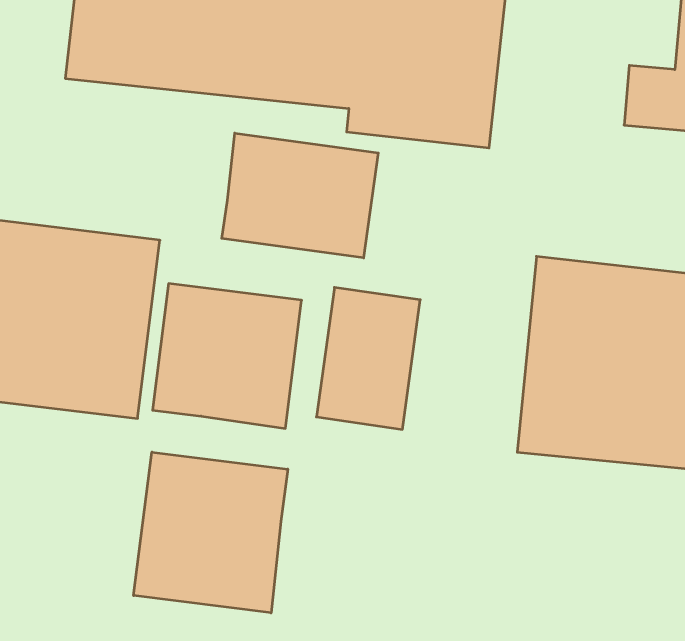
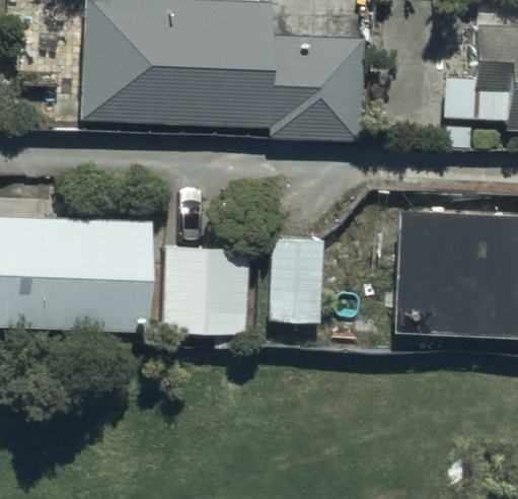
building: [222,133,378,258] -> none
building: [134,452,288,613] -> none

